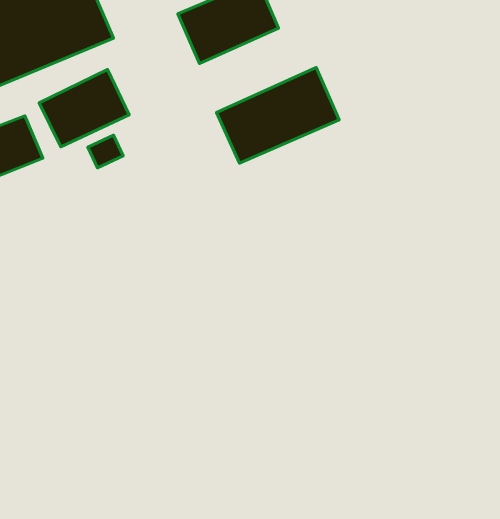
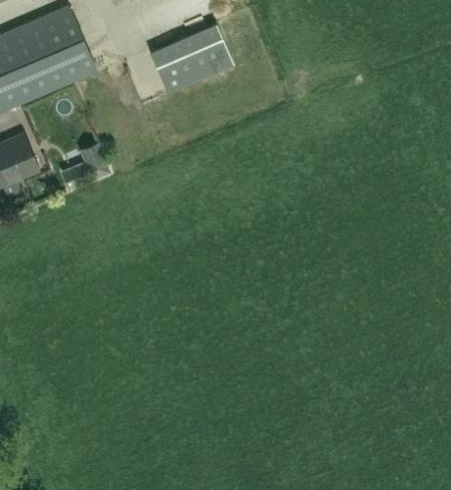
building: [216,68,339,163] -> none
building: [39,69,129,147] -> none

